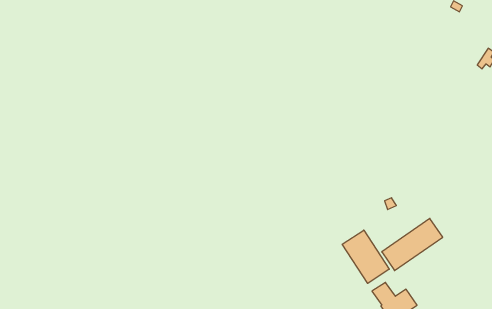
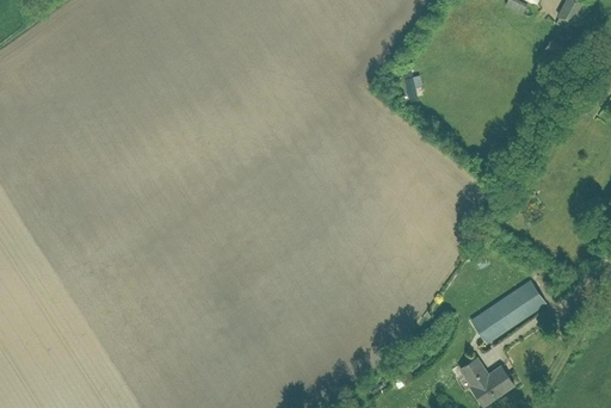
building: [342,230,389,283] -> none

